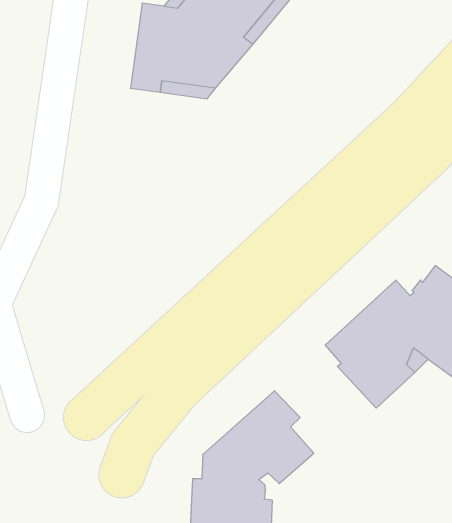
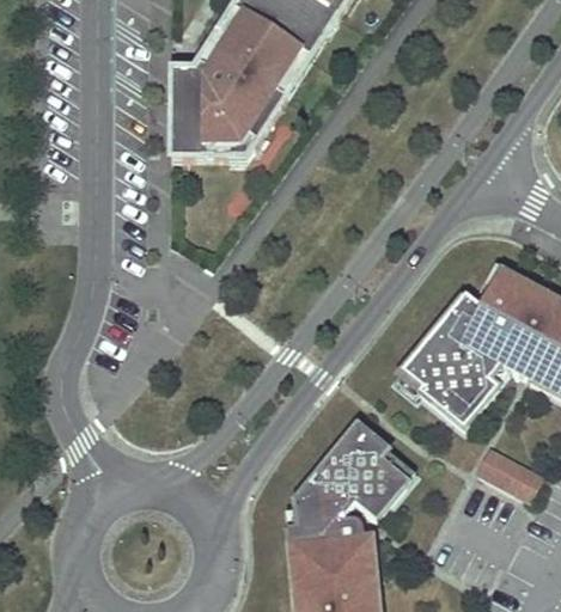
building: none -> [478,448,544,500]

